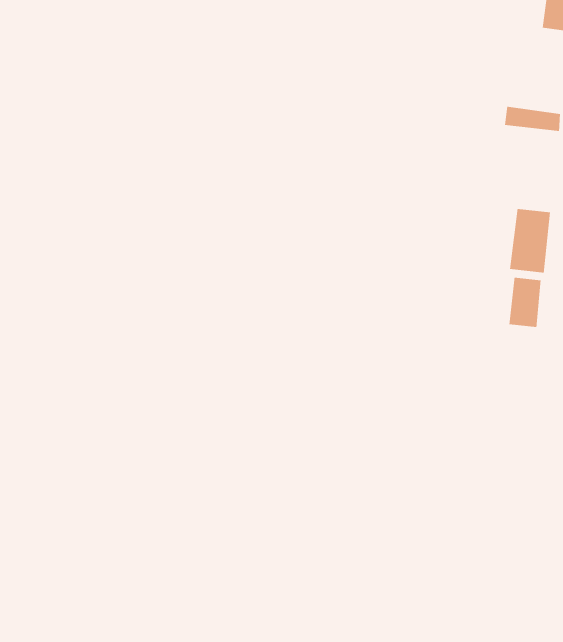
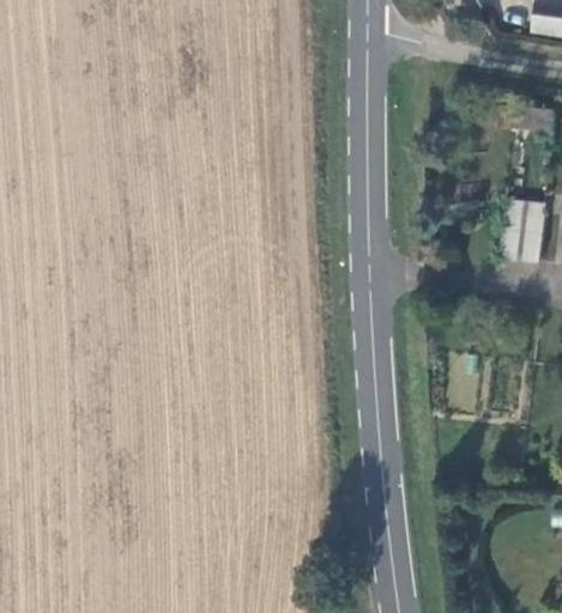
building: [509,277,541,328] -> none

